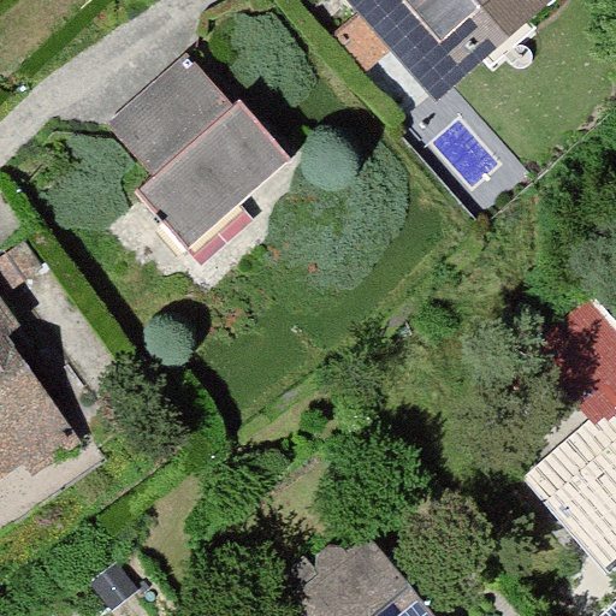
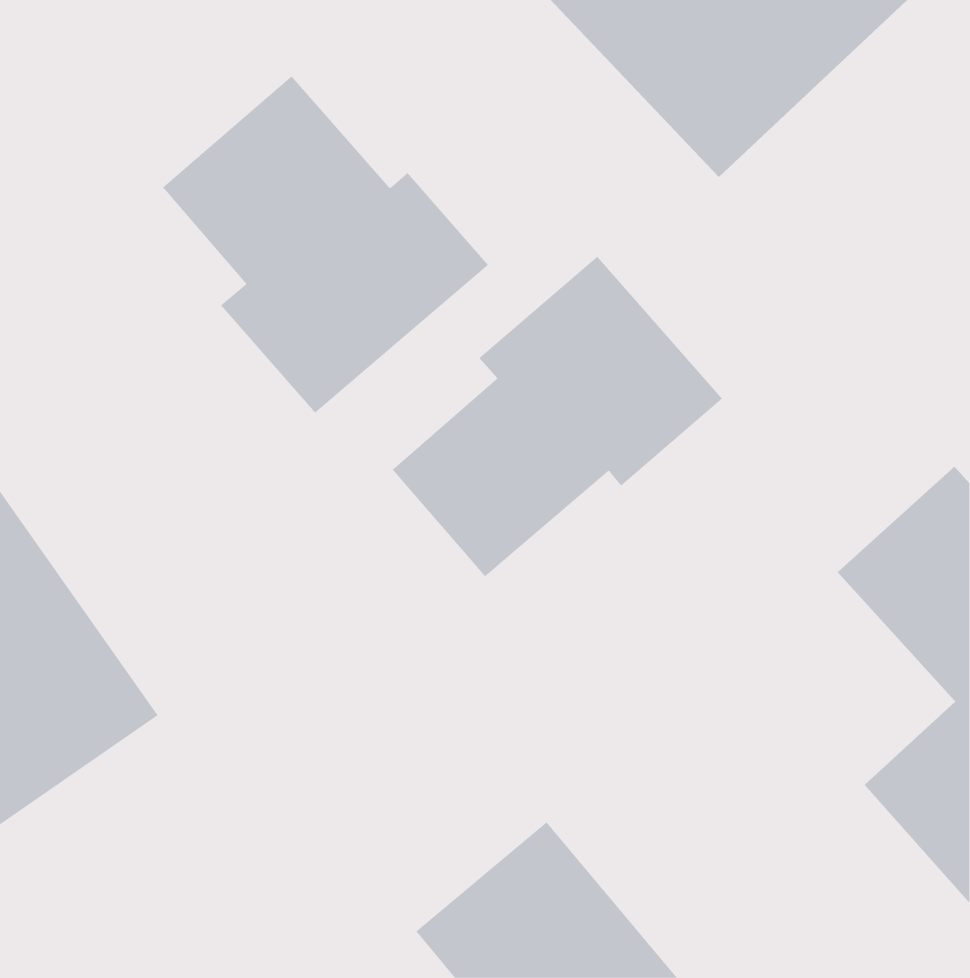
building: none -> [392,256,723,577]

